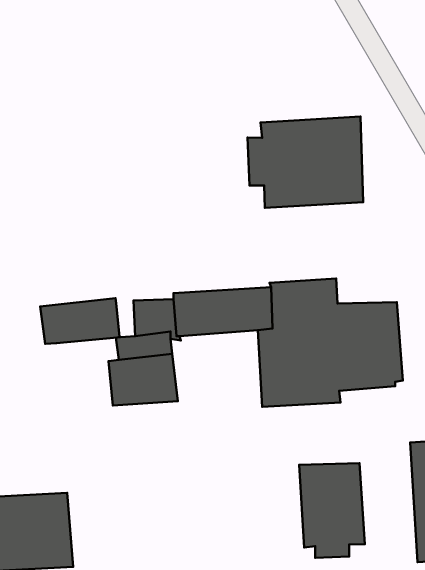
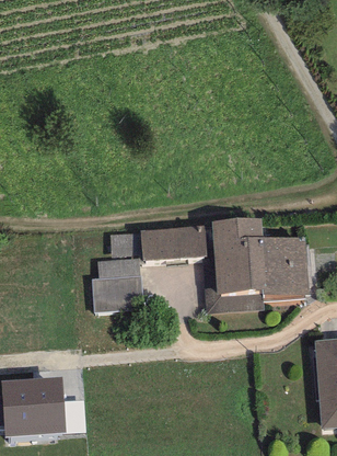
building: [248,117,363,208] -> none
building: [40,298,120,344] -> none
building: [299,463,365,558] -> none

